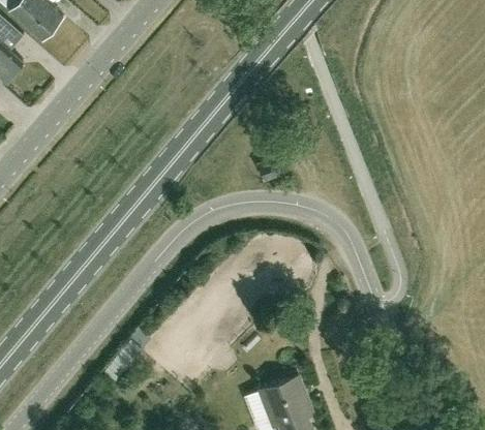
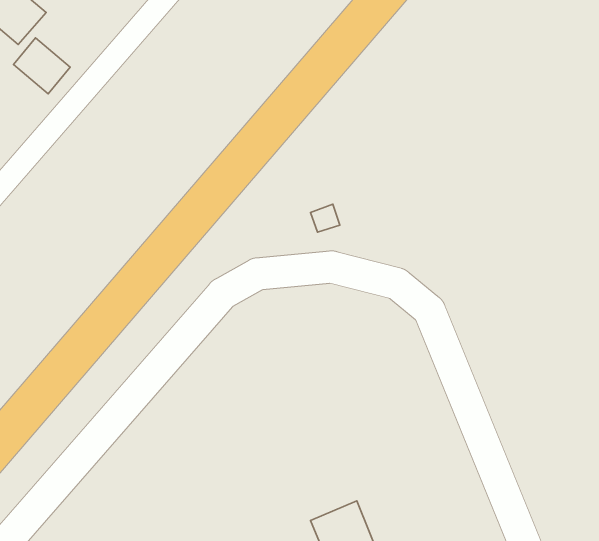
building: none -> [13,38,70,94]

